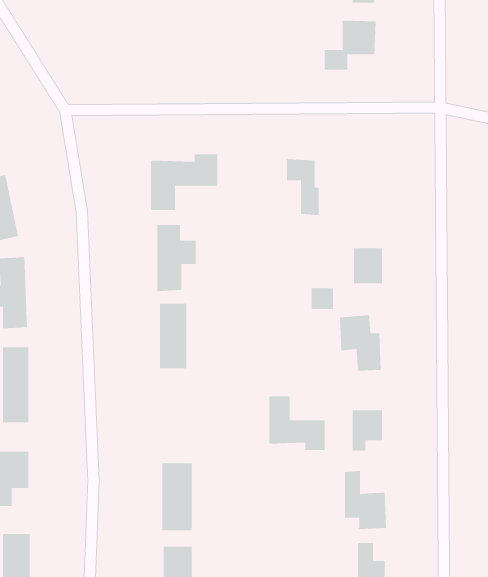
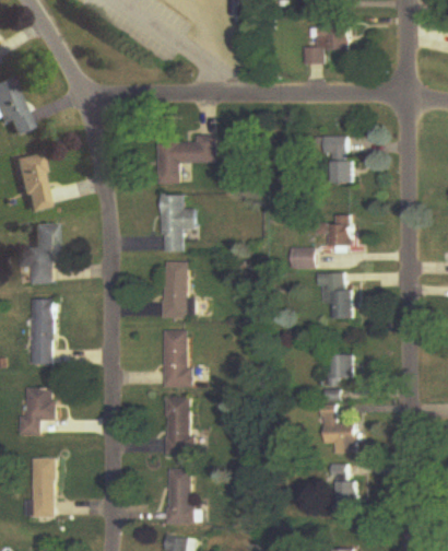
building: [286,159,320,216] -> [321,137,350,185]
building: none -> [164,331,187,380]
building: [269,395,325,451] -> none

